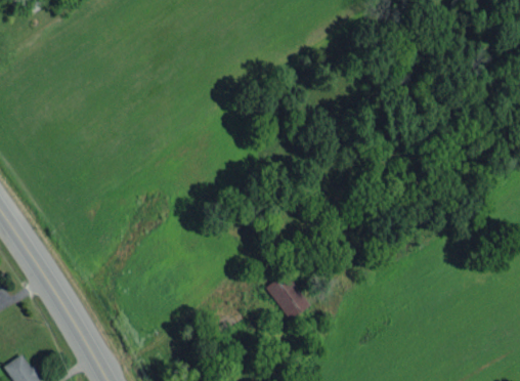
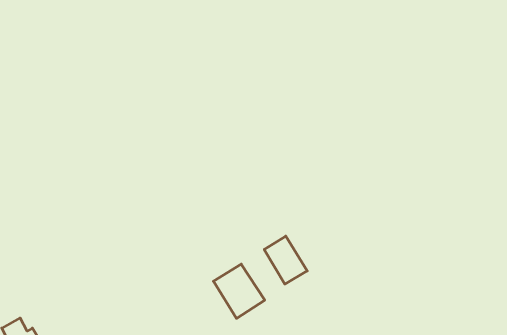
building: none -> [213,264,265,318]

